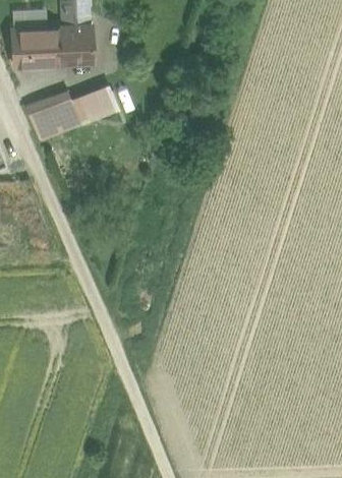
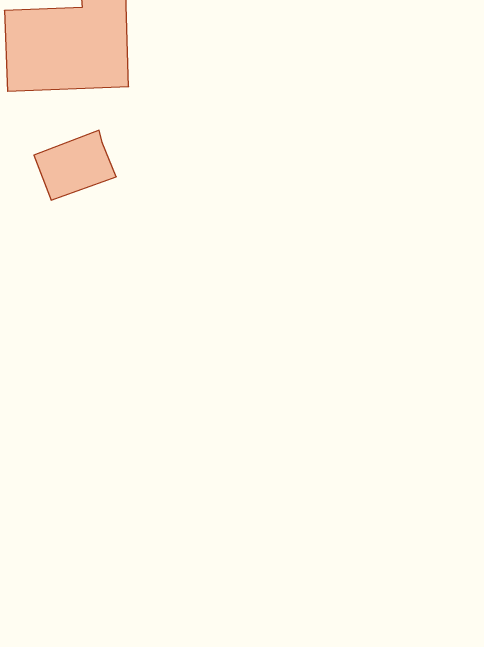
building: [73,91,115,125] -> none

